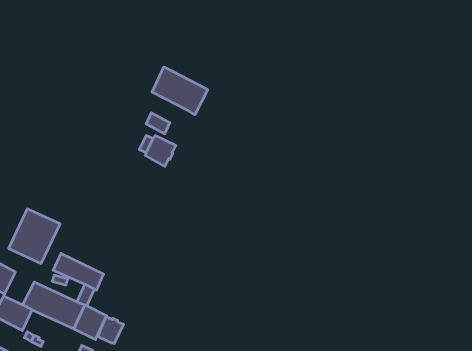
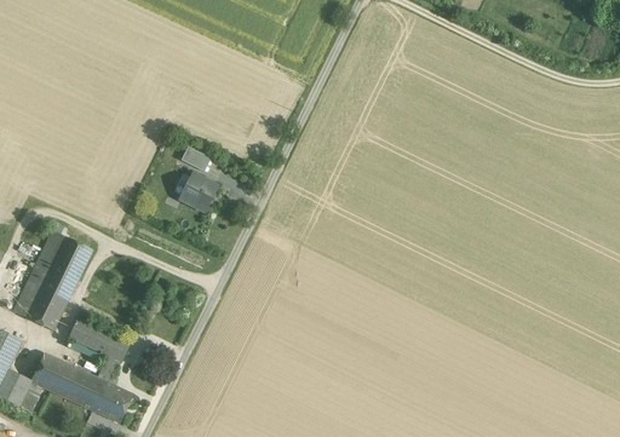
building: [152,67,208,115] -> none
building: none -> [36,230,93,281]
building: [98,317,123,344] -> none

